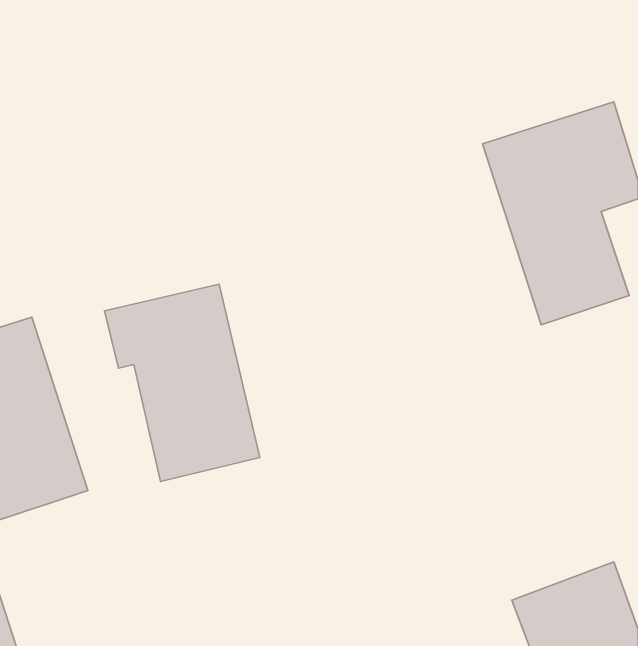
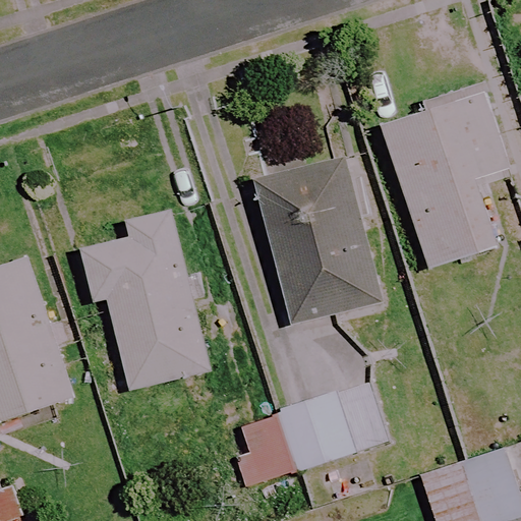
building: none -> [256,155,382,322]
building: none -> [218,390,377,493]

